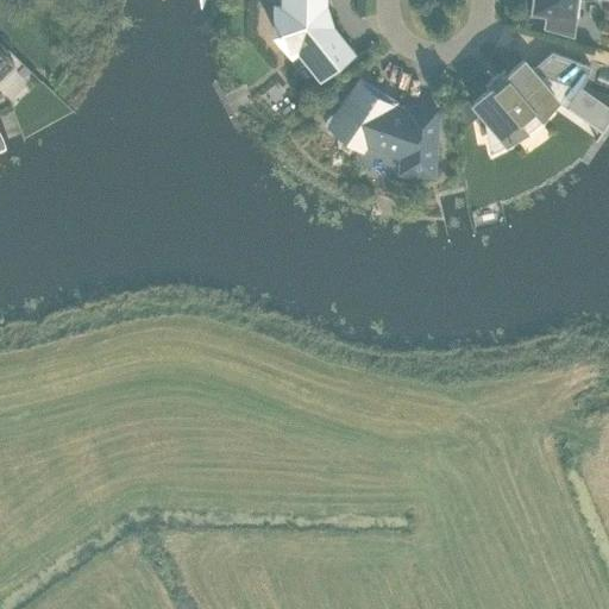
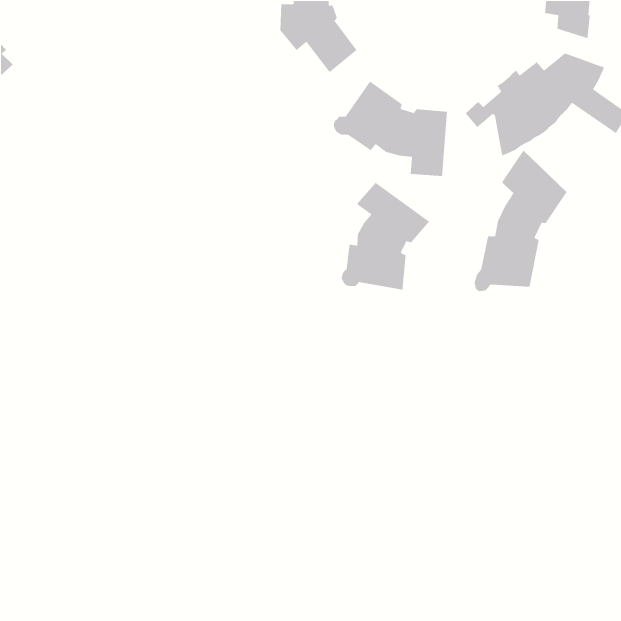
building: none -> [474,149,567,292]
building: none -> [341,182,430,291]

